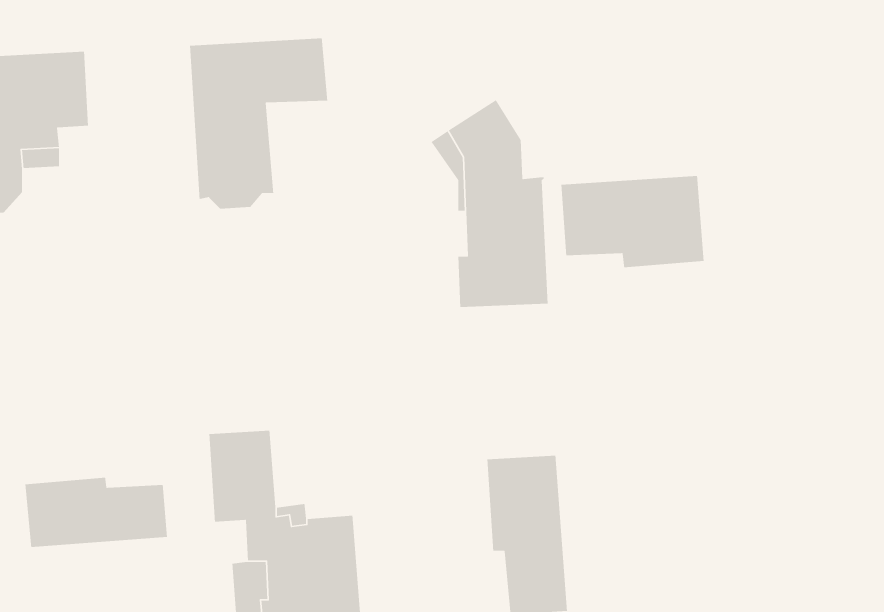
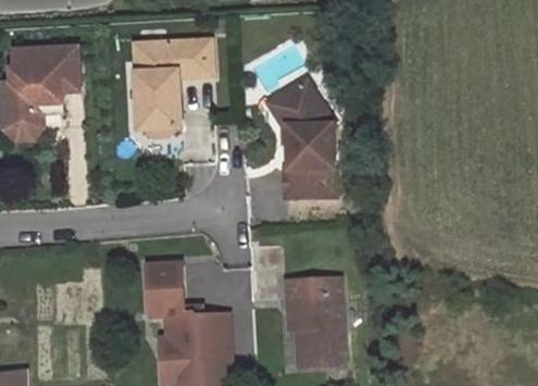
building: [560,175,705,268] -> none
building: [25,477,168,548] -> none

